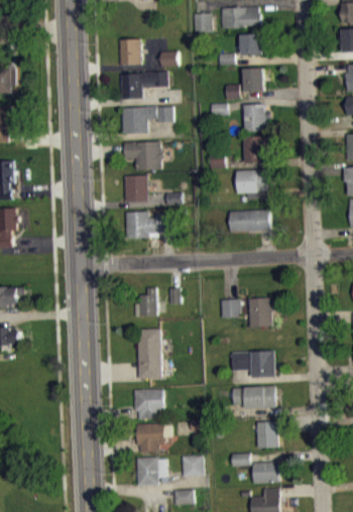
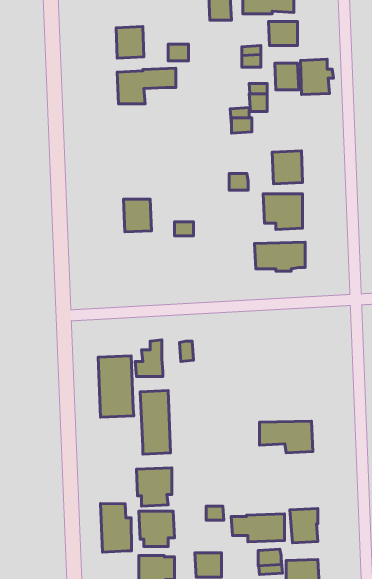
building: [242,104,268,132] -> [300,59,333,95]
building: [121,105,172,134] -> none
building: [123,141,160,170] -> none
building: [125,212,172,238] -> none
building: [220,297,272,328] -> none
building: none -> [98,356,134,417]
building: [233,386,275,408] -> [231,514,285,542]
building: none -> [100,503,131,552]

